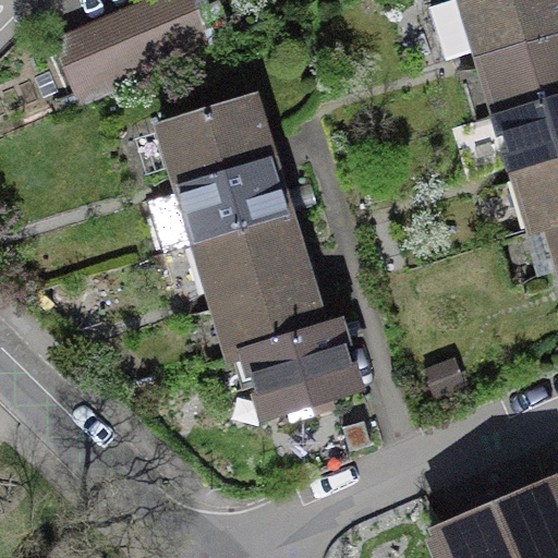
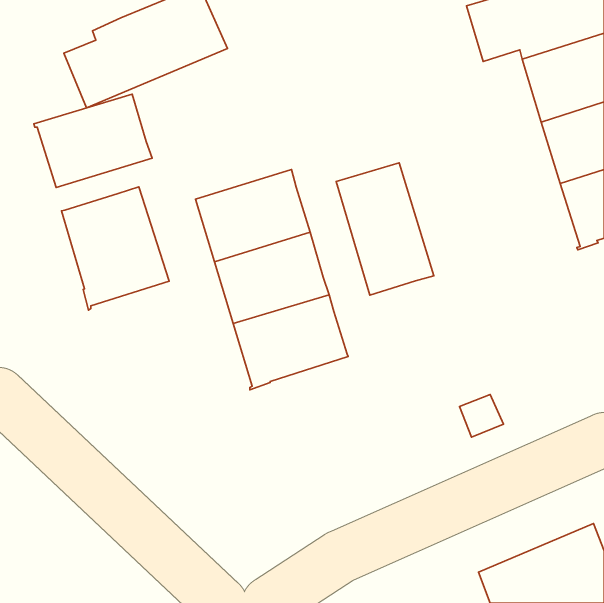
building: [159,97,268,183] -> [34,94,152,188]
building: none -> [336,163,434,295]
building: none -> [61,187,169,310]
building: [248,322,355,414] -> none

